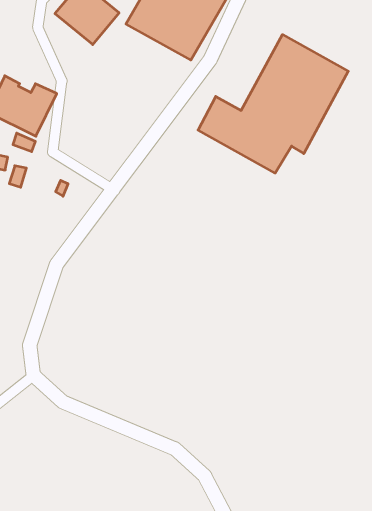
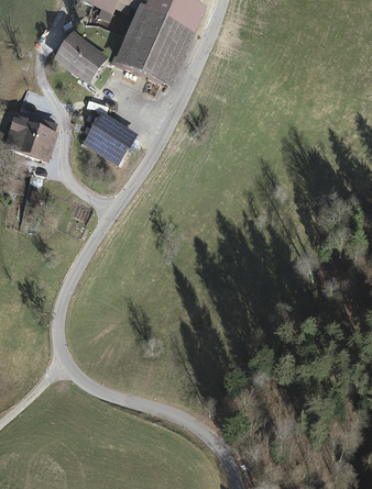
building: [198,35,348,173] -> none
building: none -> [81,110,138,164]

